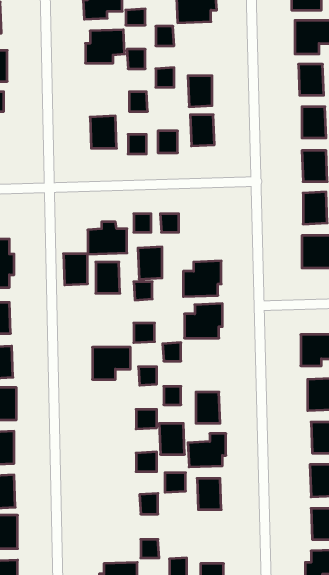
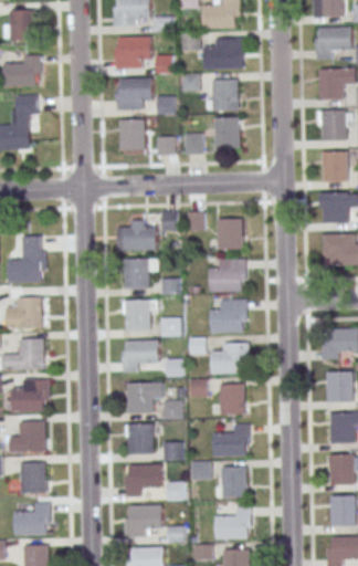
building: none -> [203,38,242,69]
building: none -> [116,76,152,108]
building: [138,247,162,279] -> [218,218,241,249]
building: [63,254,88,285] -> [126,300,149,329]
building: none -> [211,342,248,374]
building: none -> [128,382,151,412]
building: [159,423,185,454] -> [128,423,152,453]
building: none -> [125,464,161,496]
building: none -> [129,505,161,537]
building: none -> [215,506,252,538]

